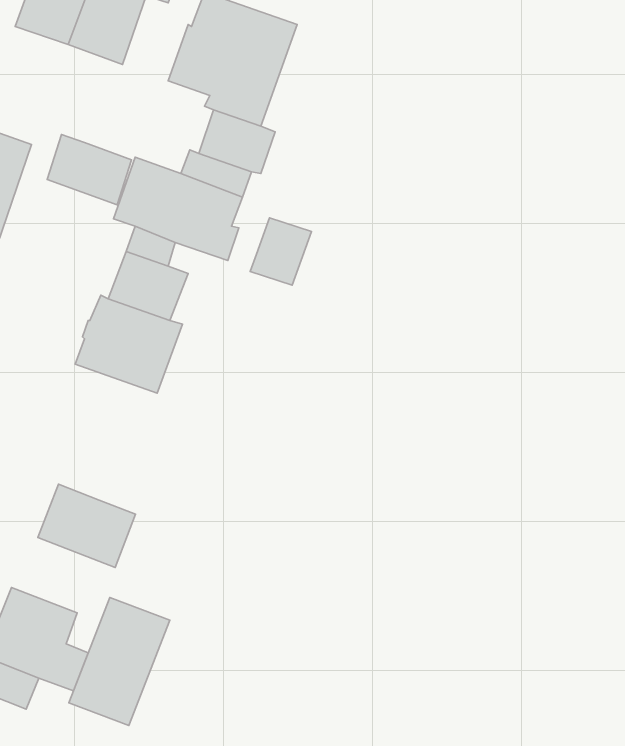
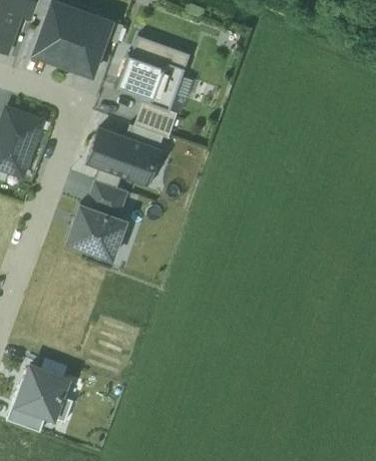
building: [47,135,132,205] -> none
building: [250,218,312,285] -> none
building: [38,484,136,567] -> none
building: [69,597,170,726] -> none

